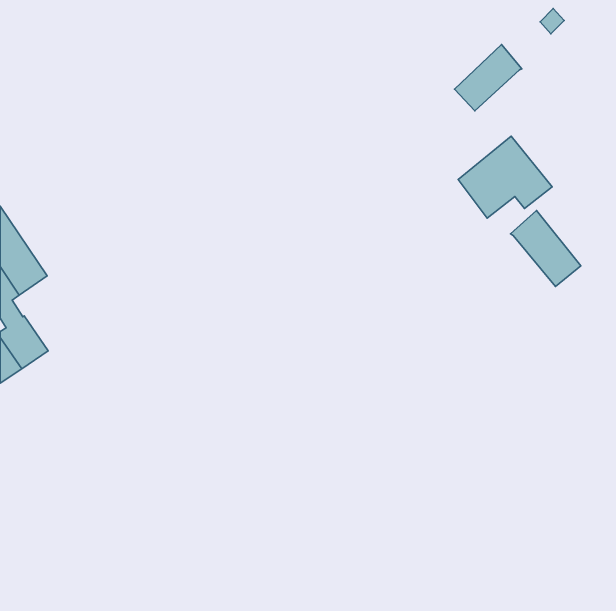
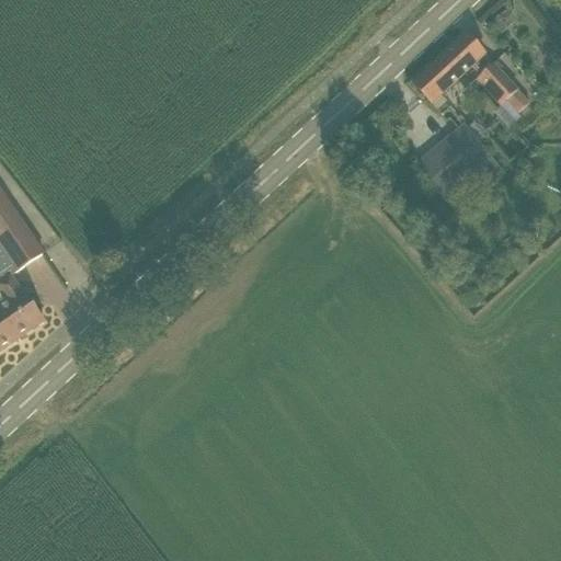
building: none -> [456,32,530,112]
building: [511,211,581,286] -> none

